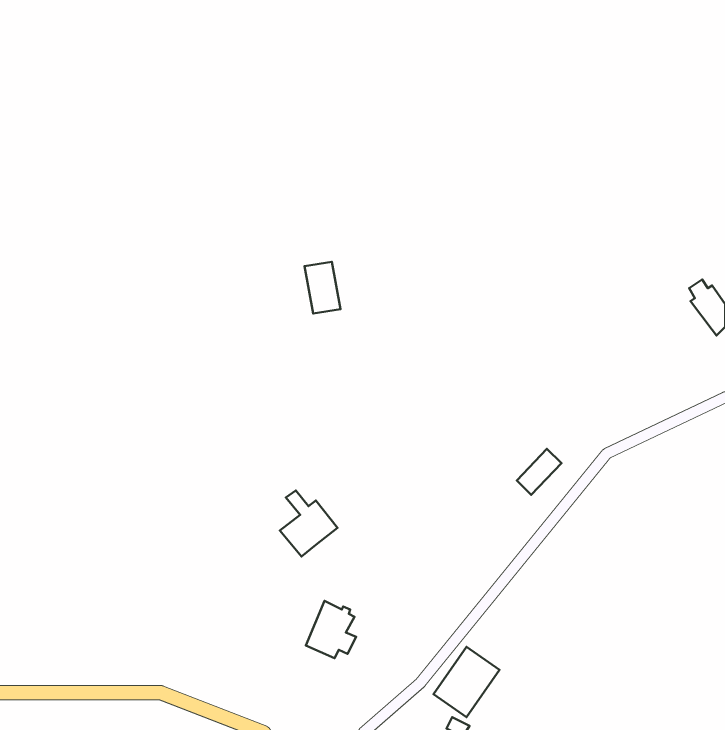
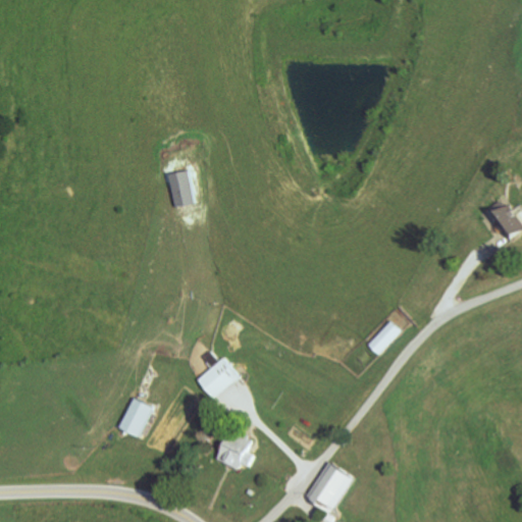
building: [304,262,340,314] -> [168,170,194,207]
building: none -> [118,399,151,436]

